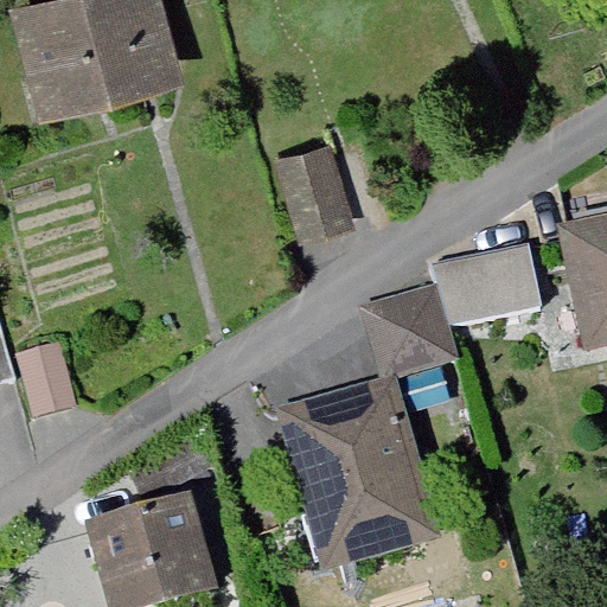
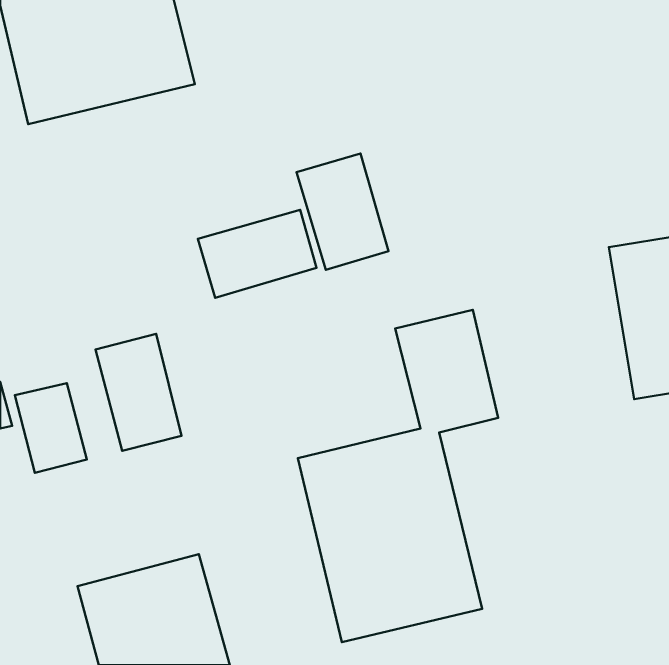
building: none -> [198,210,317,298]
building: [437,249,538,327] -> none
building: none -> [96,334,182,451]

